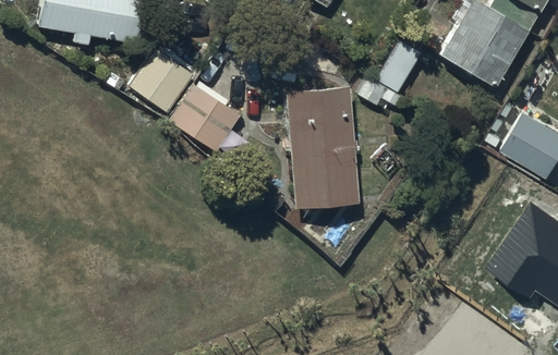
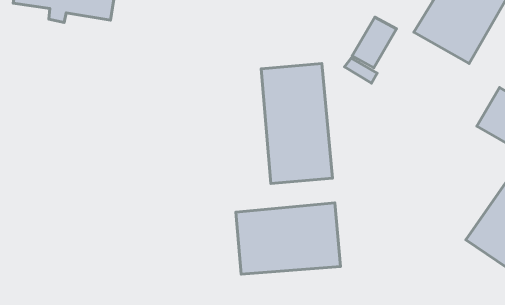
building: [128,49,191,112] -> none
building: [171,86,241,152] -> none
building: none -> [236,203,341,274]

